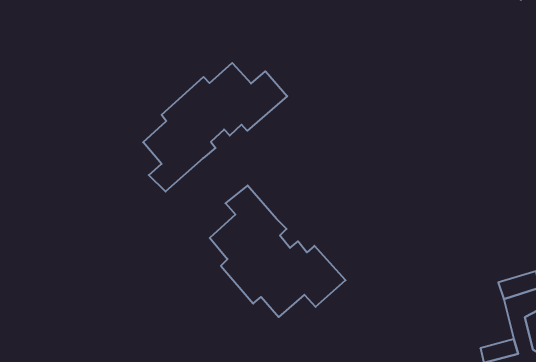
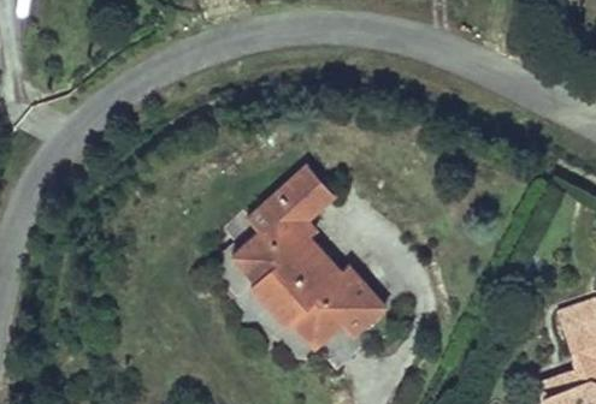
building: [143,63,287,192] -> none
building: none -> [283,176,342,240]

